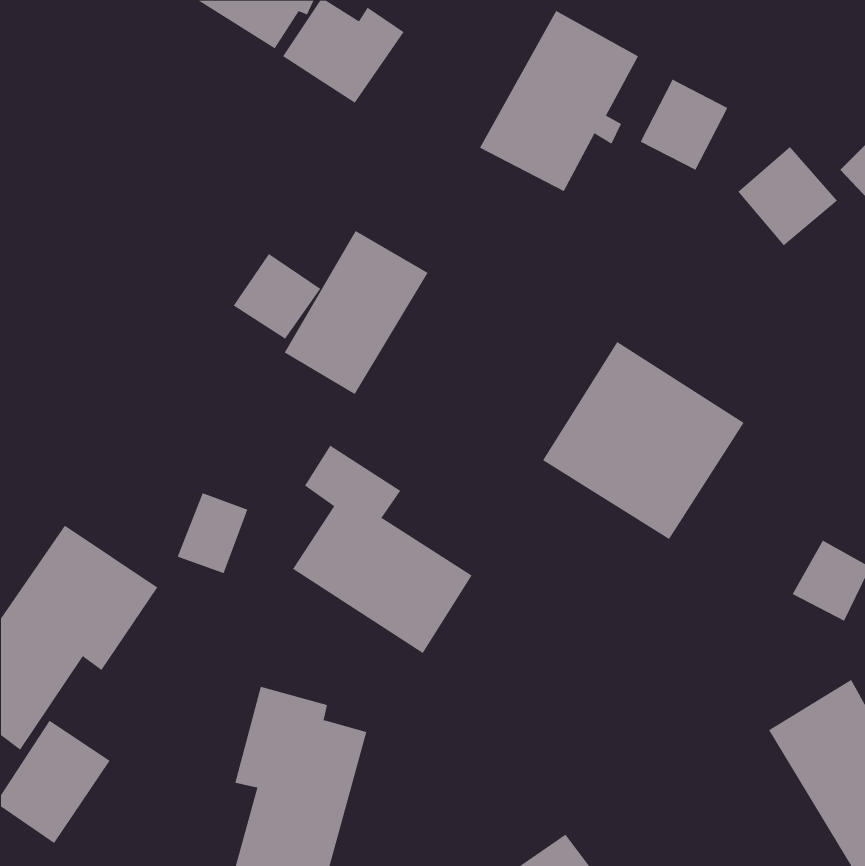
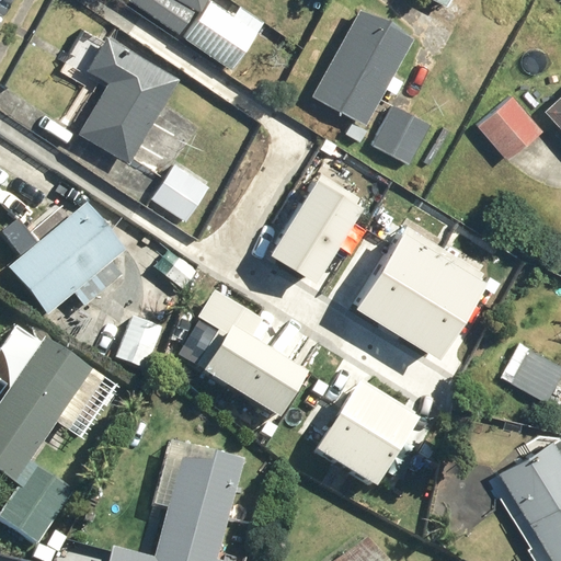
building: none -> [78,35,179,162]
building: [640,79,728,171] -> [374,105,431,164]
building: [284,230,428,395] -> [267,170,360,276]
building: none -> [8,206,125,318]
building: none -> [314,382,415,486]

